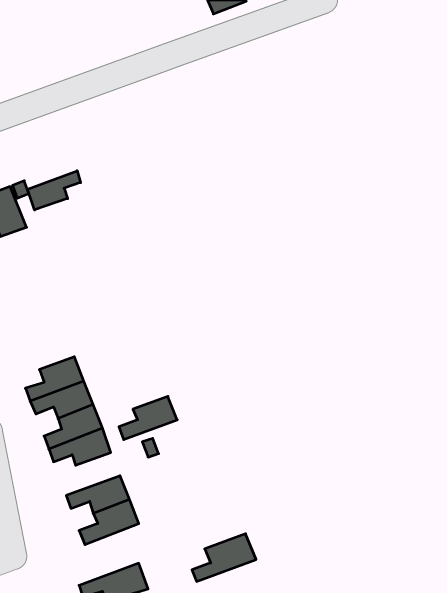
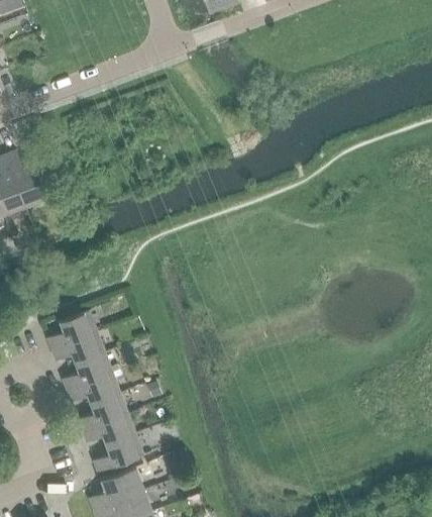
building: [27,171,81,210] -> none
building: [119,396,177,440] -> [77,394,127,431]
building: [192,534,256,581] -> [88,468,143,509]

